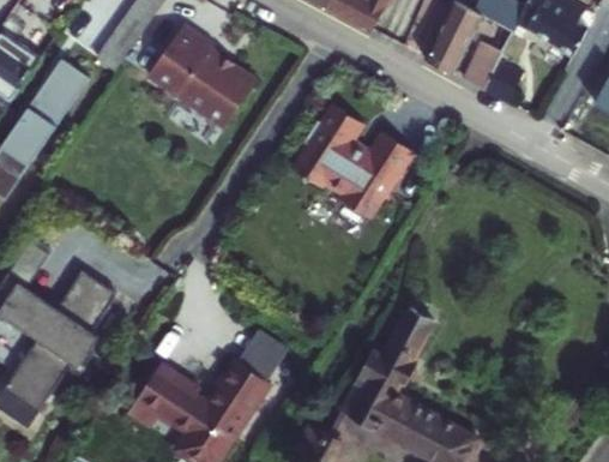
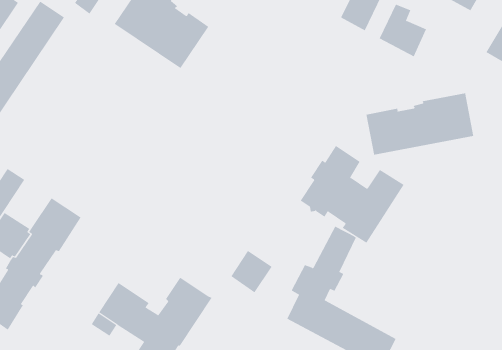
building: [294,104,414,217] -> [300,145,404,244]
building: none -> [366,92,474,155]
building: [236,335,284,384] -> [231,250,272,293]

